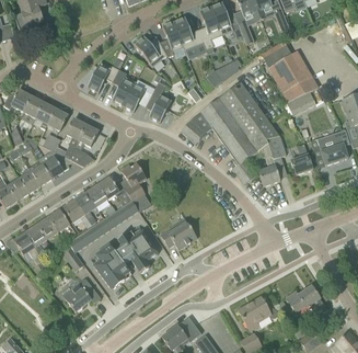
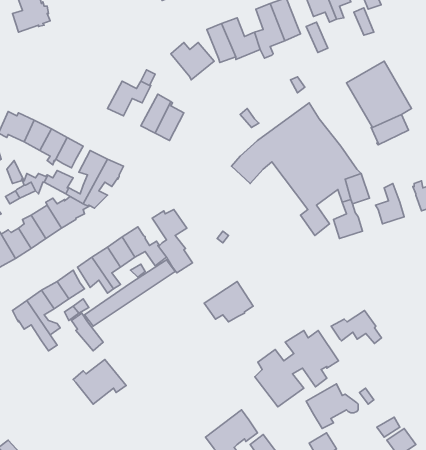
building: [145,81,171,122] -> none
building: [94,230,158,288] -> [255,331,338,407]
building: [286,285,324,310] -> [331,310,382,344]

